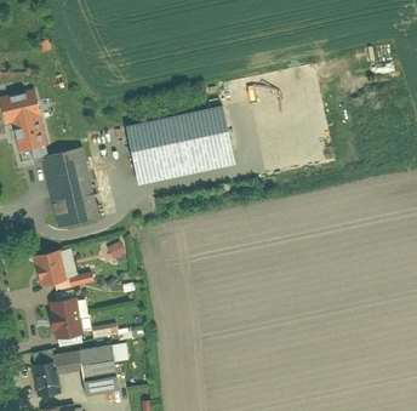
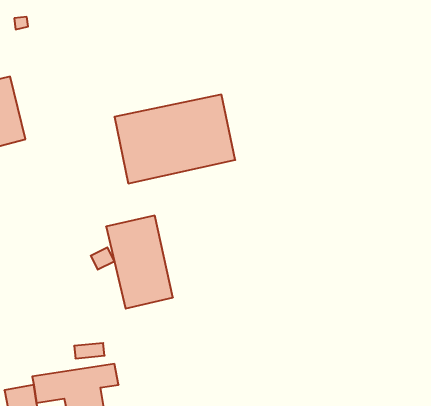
building: [42,145,101,227] -> [106,216,173,309]
building: [33,250,68,285] -> none
building: [50,298,84,341] -> none

